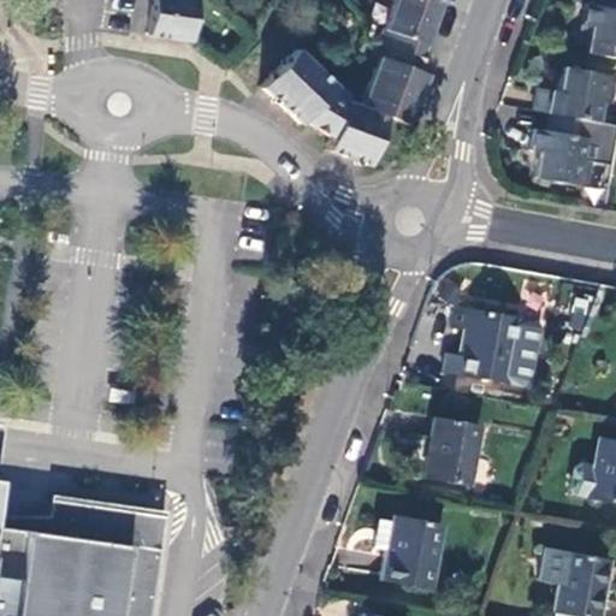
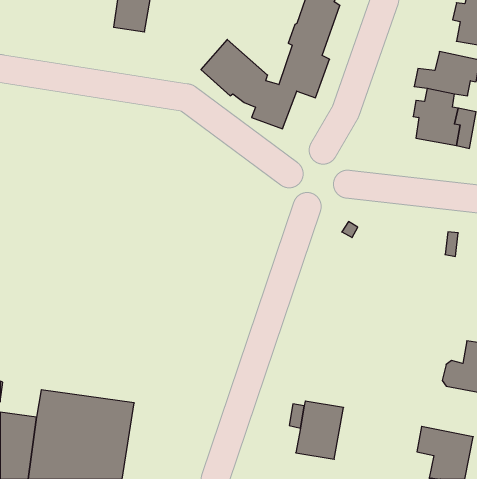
building: [445,306,544,386] -> none
building: [426,417,480,485] -> none

